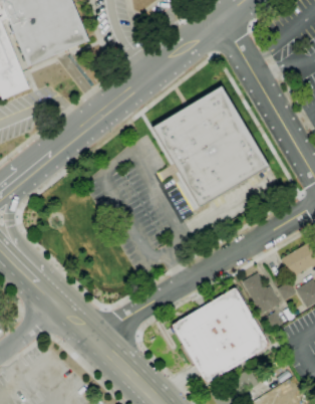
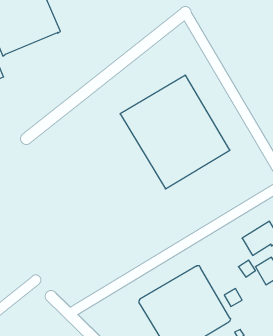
building: [242,272,279,314] -> none

